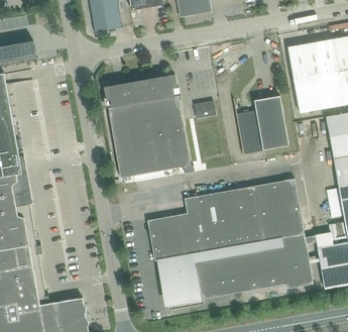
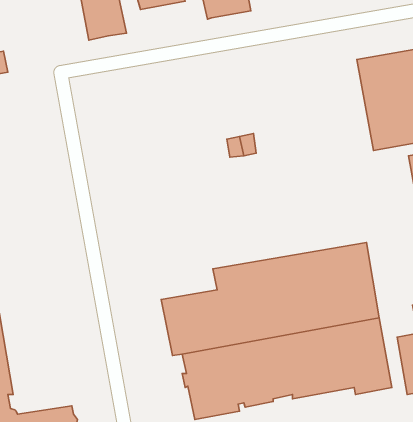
building: [105,75,192,178] -> none
building: [236,96,289,153] -> none

